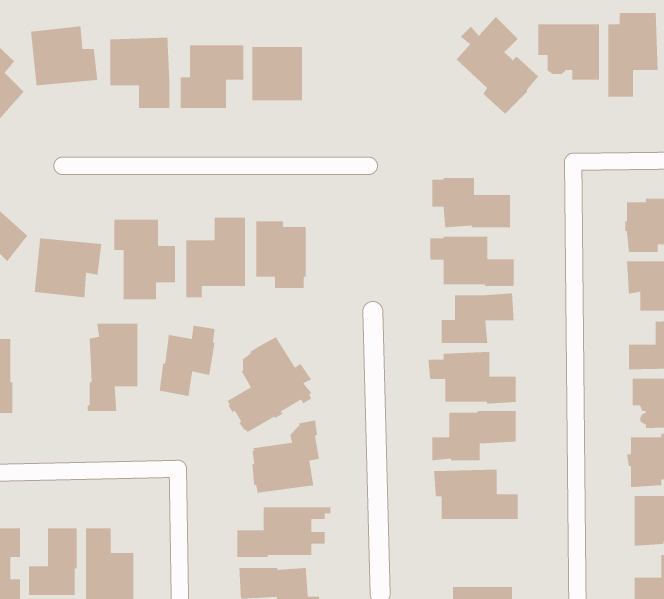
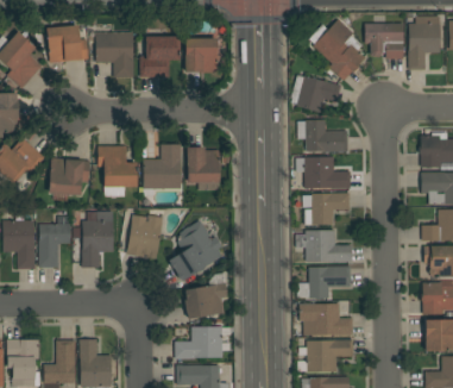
building: none -> [290,75,341,113]
building: none -> [38,215,70,268]
building: none -> [298,339,353,373]

